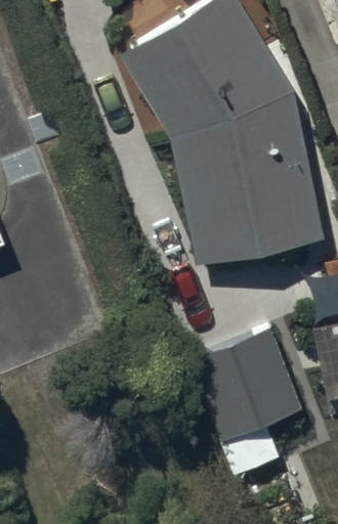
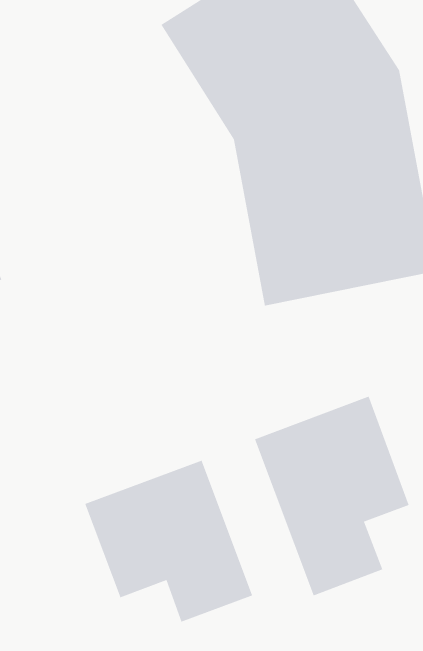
building: none -> [84,460,253,623]

